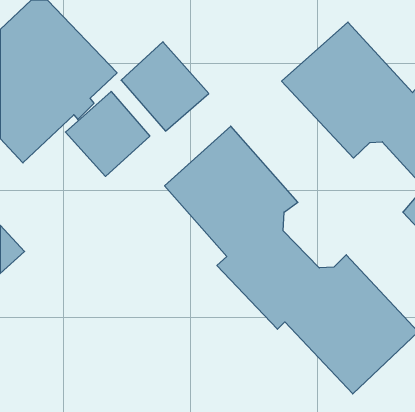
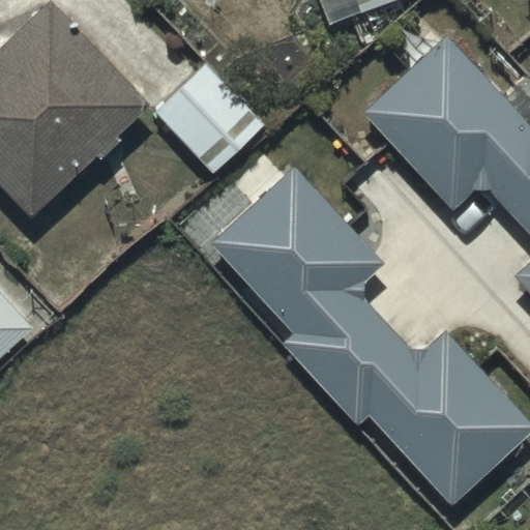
building: [65,91,150,176] -> none

